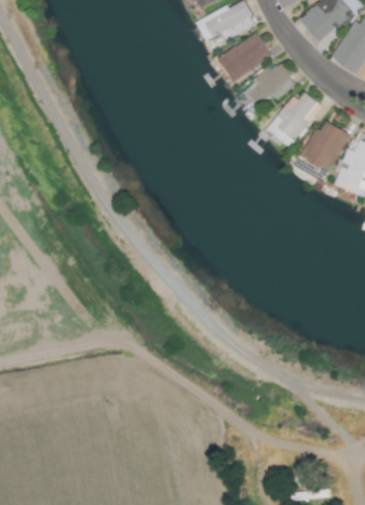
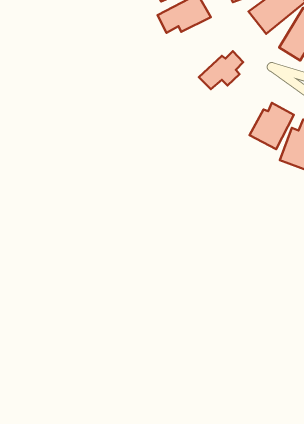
building: [218,32,272,83] -> none
building: [267,93,323,148] -> none

